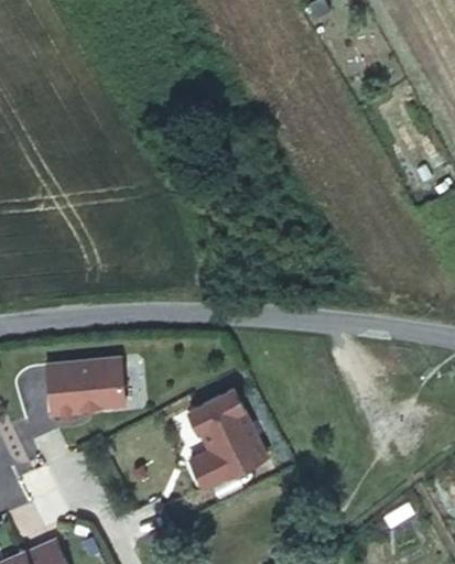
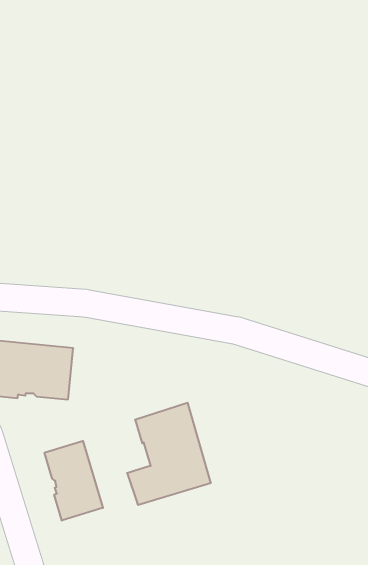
building: none -> [45,441,103,521]

